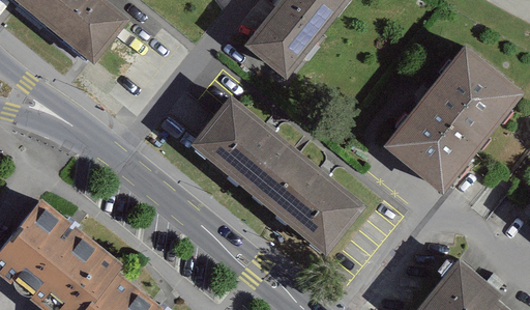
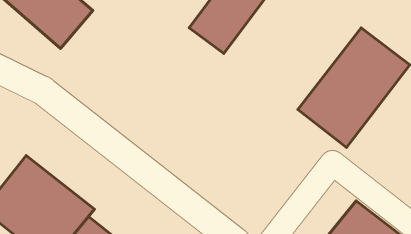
building: [189,100,365,258] -> none

